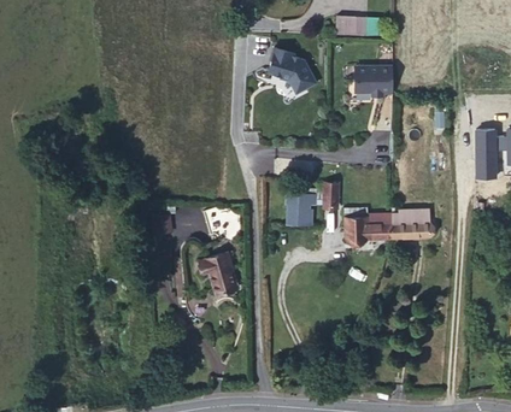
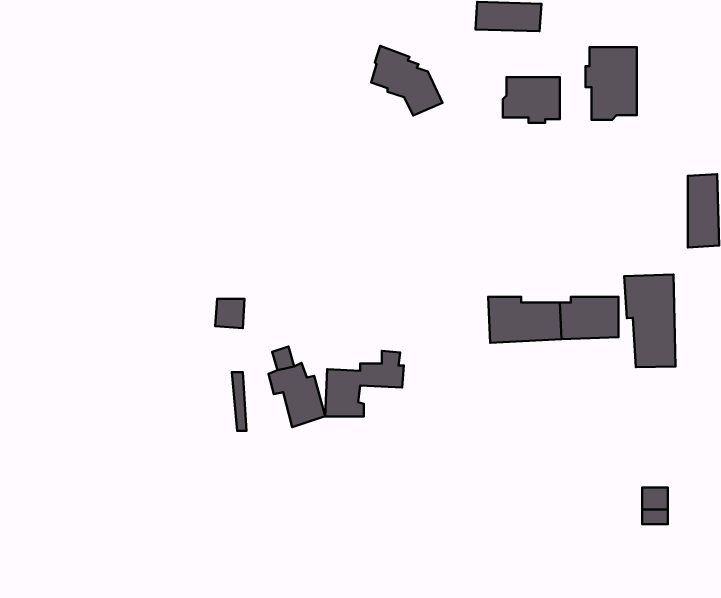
building: none -> [585,47,637,120]
building: [287,182,339,225] -> [325,351,404,417]
building: none -> [624,274,676,367]

